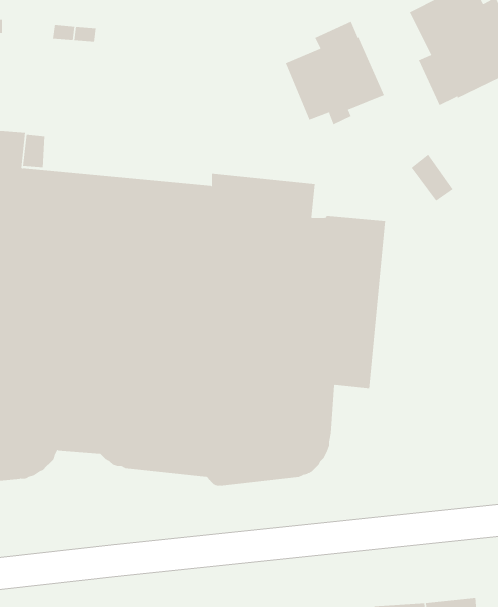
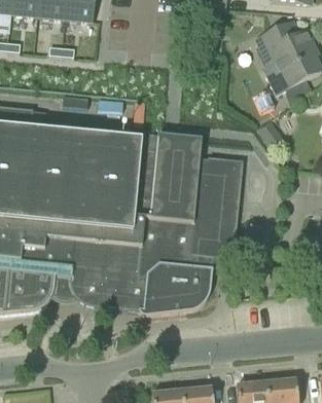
building: [285,21,385,125] -> none

